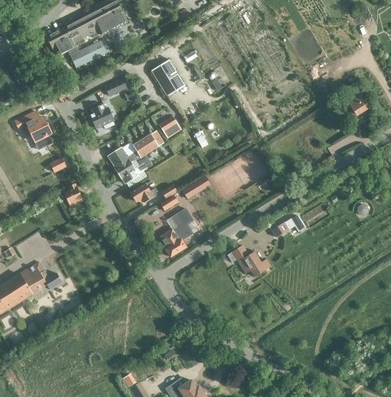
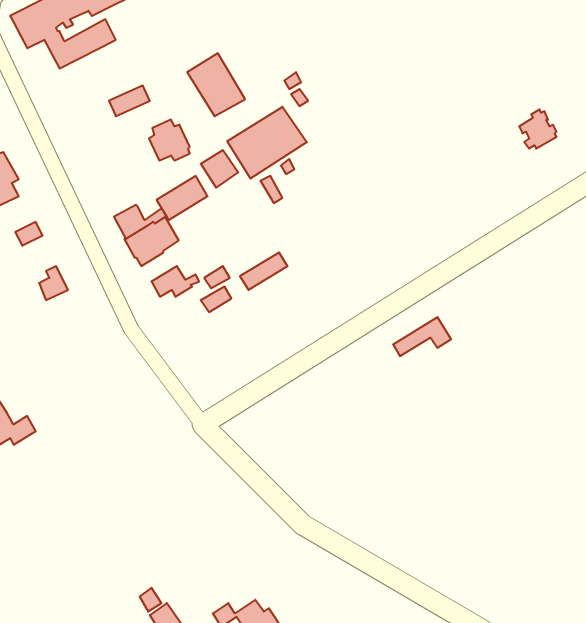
building: none -> [227,107,307,179]
building: [90,104,114,128] -> [149,120,190,160]
building: [160,209,193,257] -> none
building: [227,245,270,276] -> none

